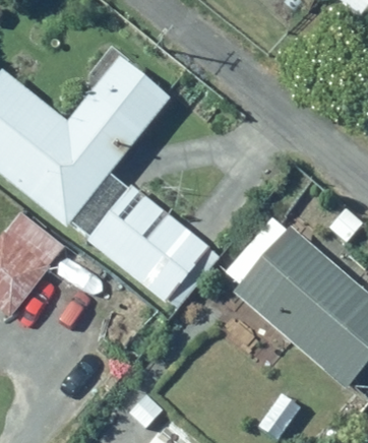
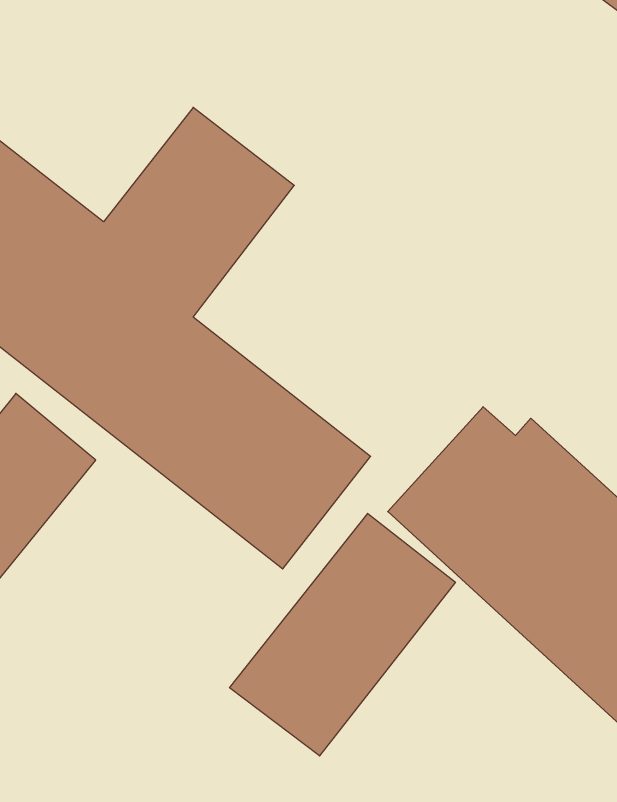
building: none -> [230,513,455,756]

